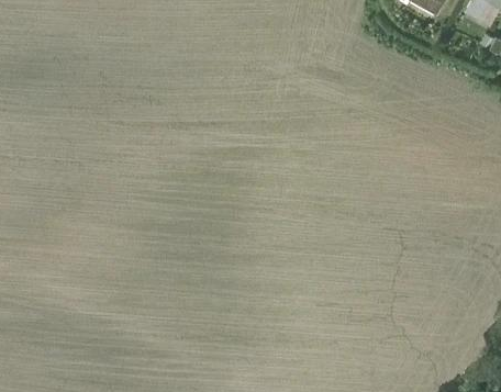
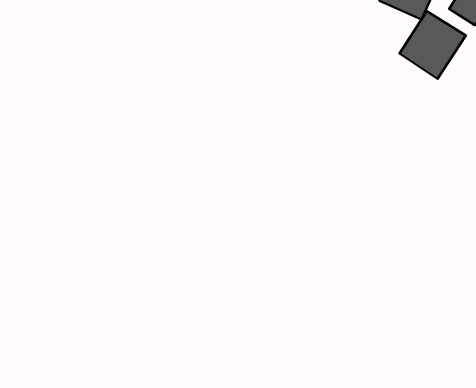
building: none -> [400,11,466,79]

